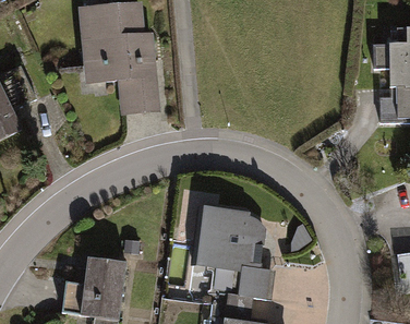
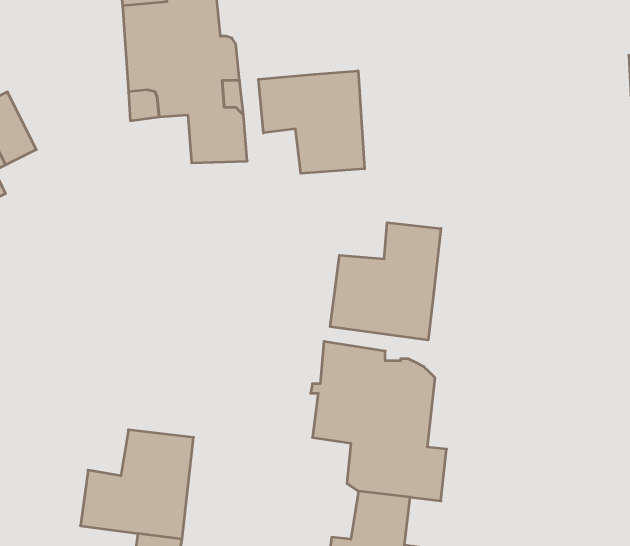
building: none -> [258,71,365,173]
building: none -> [330,223,441,340]

